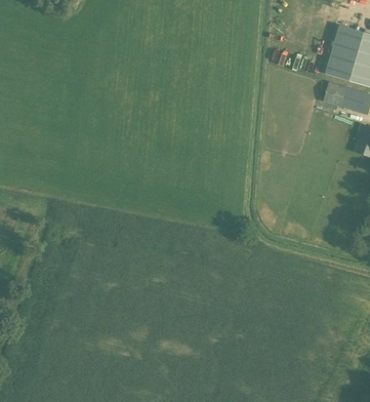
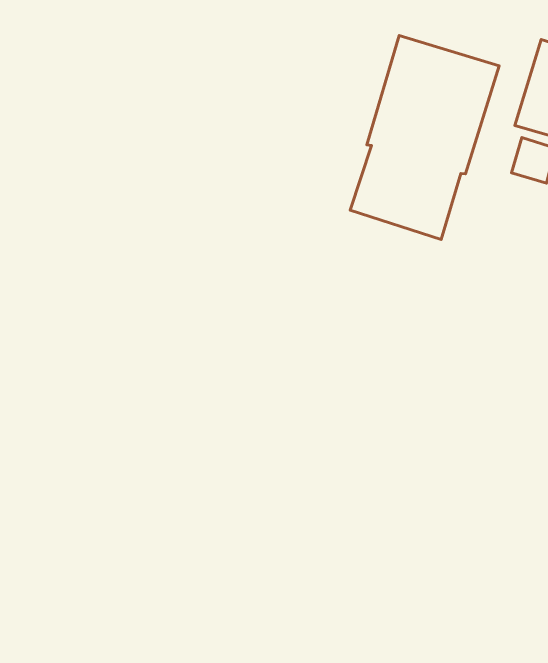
building: none -> [350,36,499,239]

